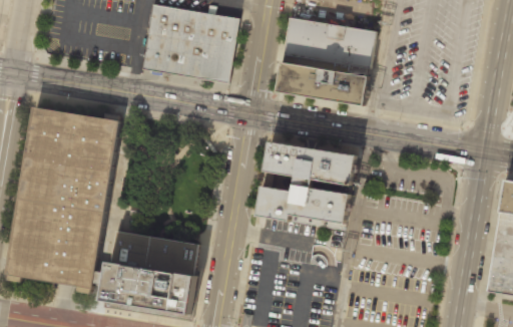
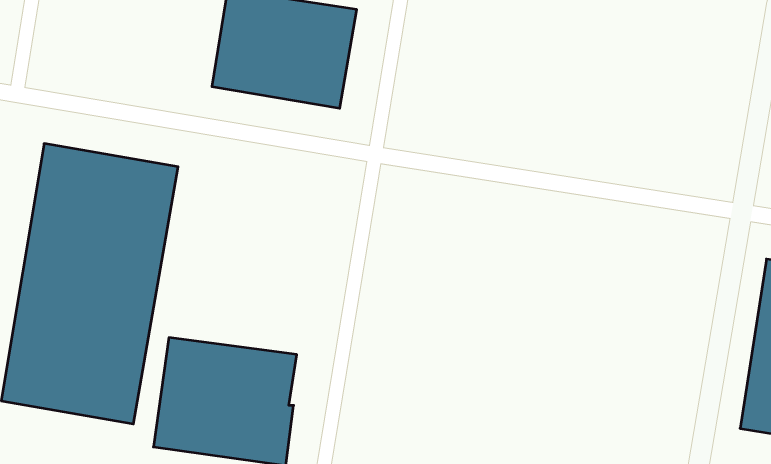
building: [285,17,377,68] -> none
building: [280,62,371,104] -> none
building: [260,139,358,229] -> none

